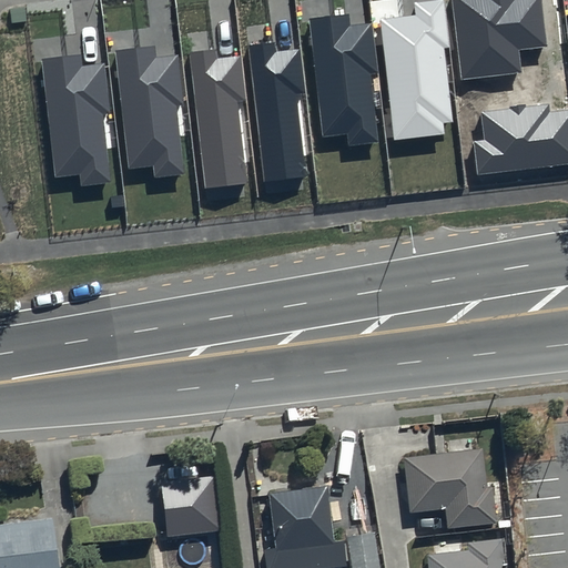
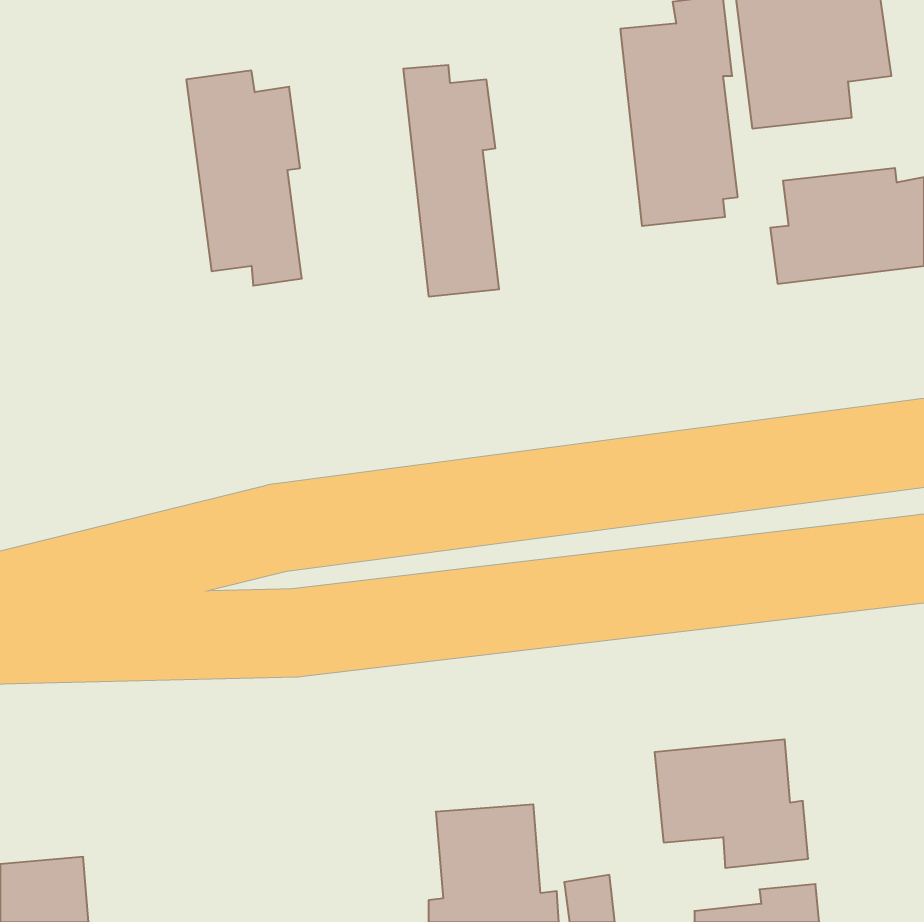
building: [310,13,378,144] -> none
building: [190,47,247,189] -> none
building: [41,53,111,185] -> none
building: [158,480,220,542] -> none

